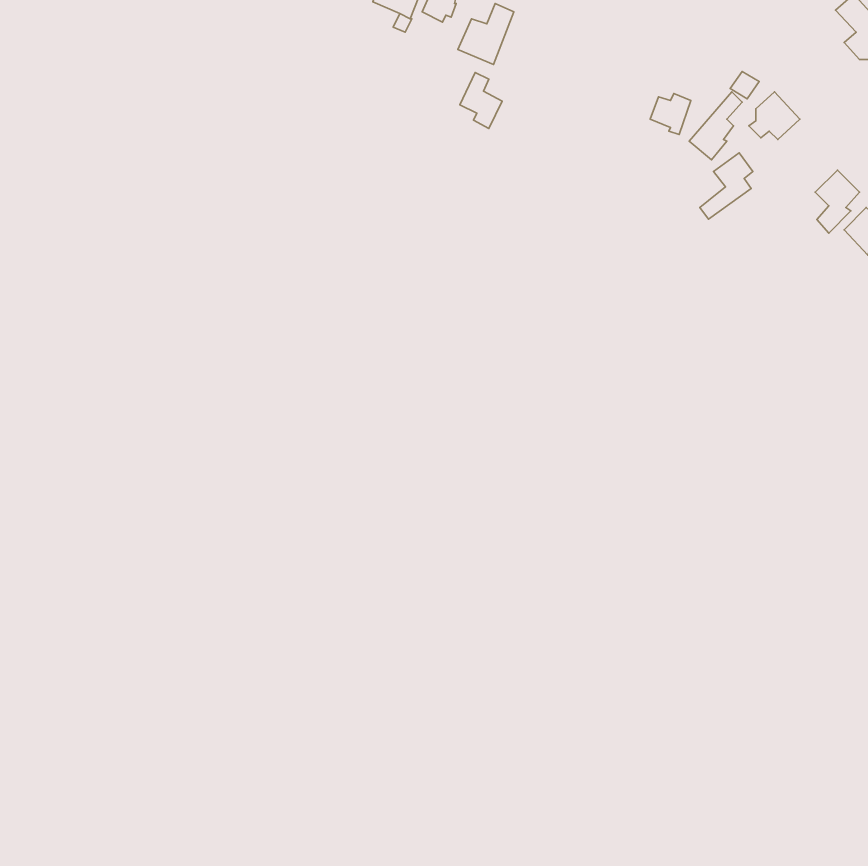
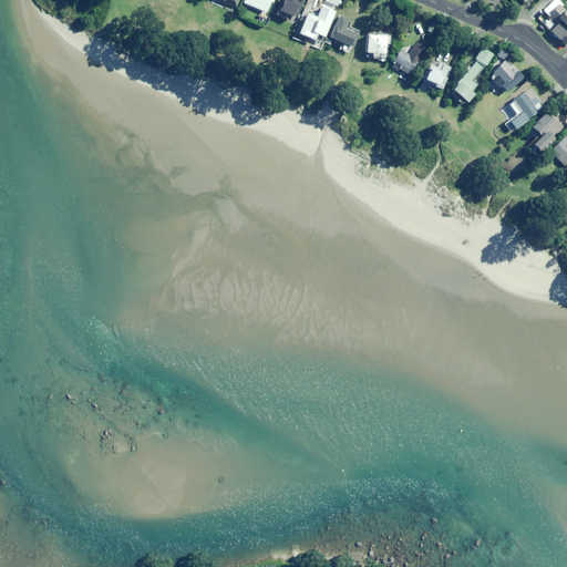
building: none -> [367,32,390,61]
building: none -> [391,42,426,73]
building: [460,72,502,129] -> [330,14,358,51]
building: [700,153,753,219] -> [505,87,539,131]

